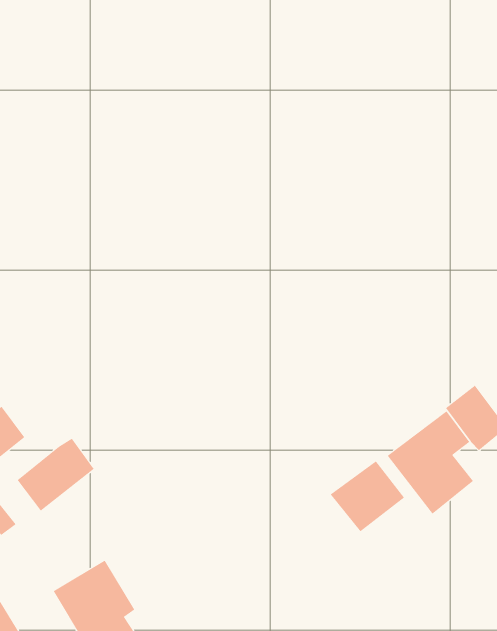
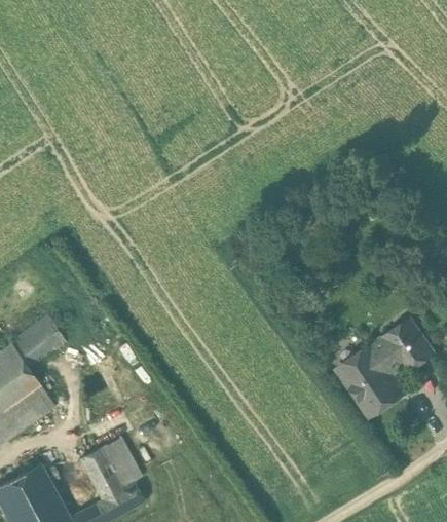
building: [17,438,94,512] -> none
building: [330,460,405,532] -> none

